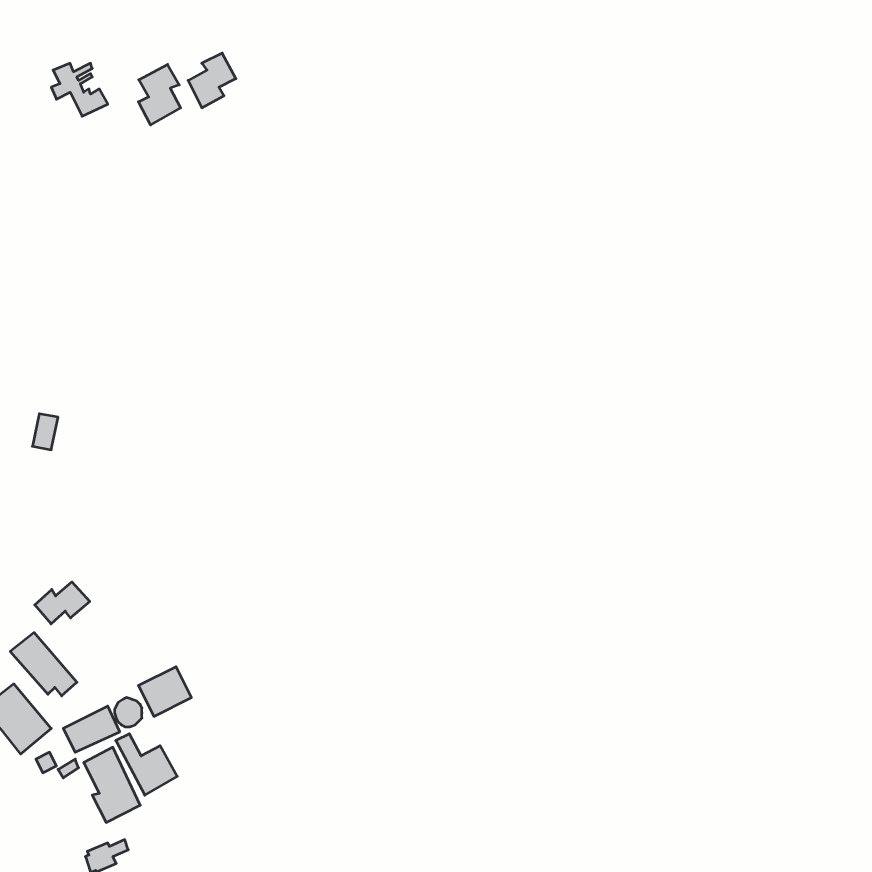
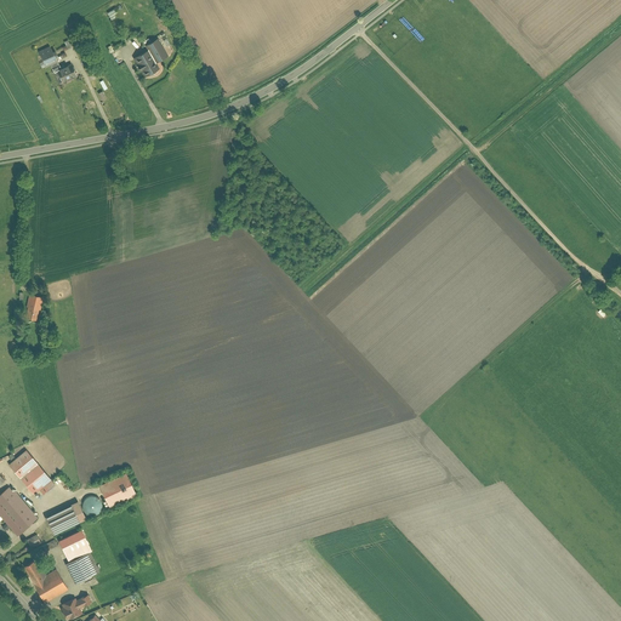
building: [138,64,181,125] -> none
building: [35,582,90,624] -> none
building: [116,734,177,795] -> [23,560,67,604]

